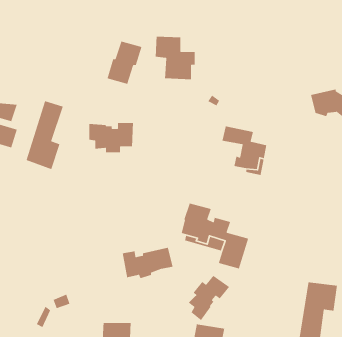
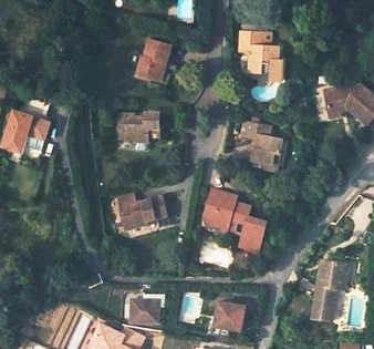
building: [155,36,195,80] -> [239,31,277,72]
building: [26,100,64,170] -> none
building: [122,247,173,279] -> [117,198,165,228]
building: [188,275,230,321] -> none

